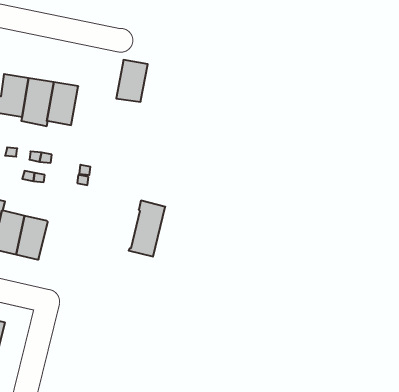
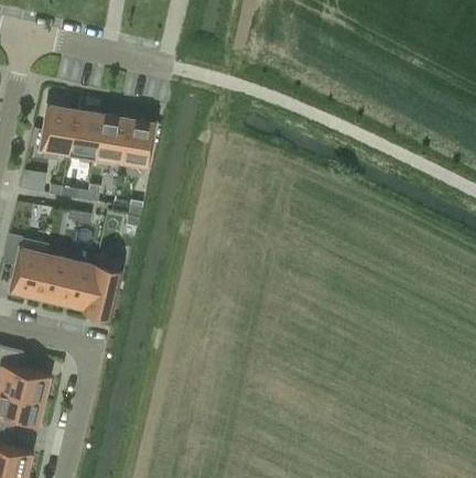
building: [116,60,148,102] -> [120,119,154,164]
building: [129,201,165,257] -> [83,254,122,315]

